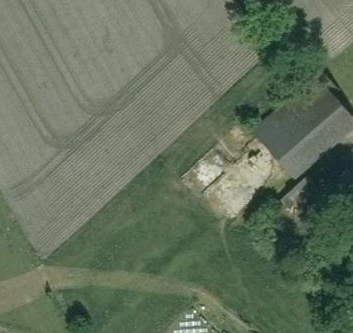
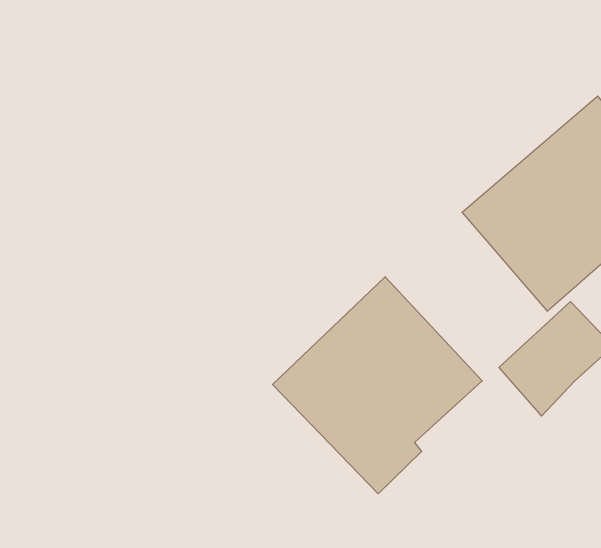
building: none -> [273,277,482,494]

